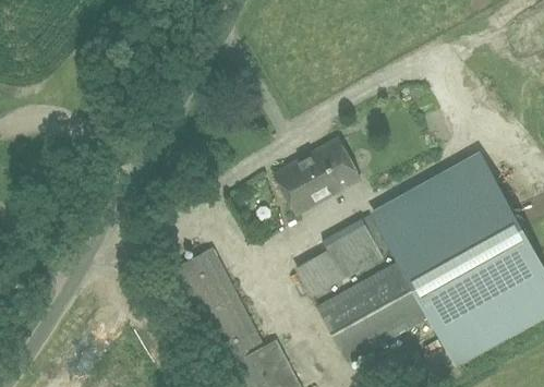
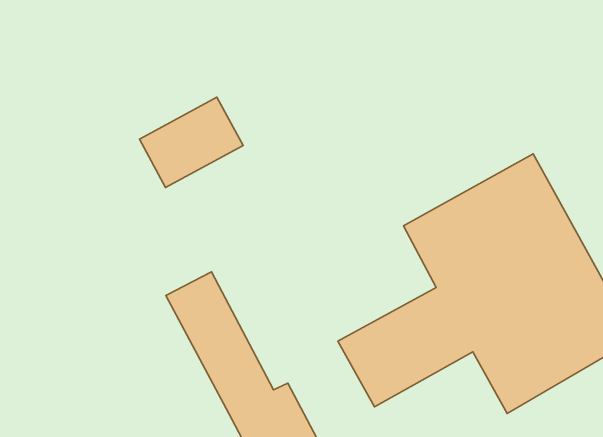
building: [273,138,359,214] -> [139,97,243,188]
building: [298,214,385,295] -> none

